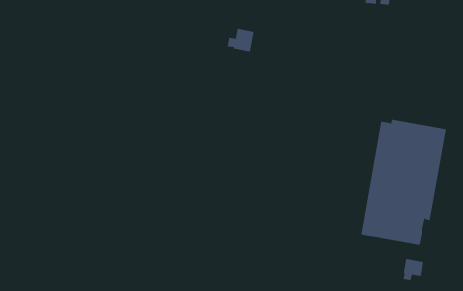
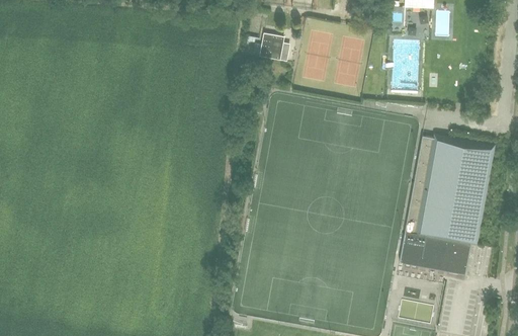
building: [403,258,424,281] -> none

